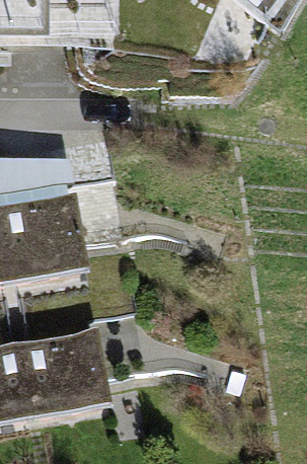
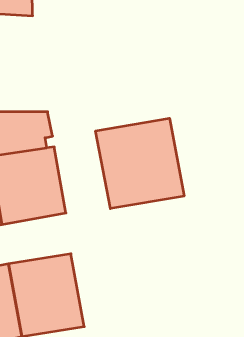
building: none -> [96,118,184,209]

